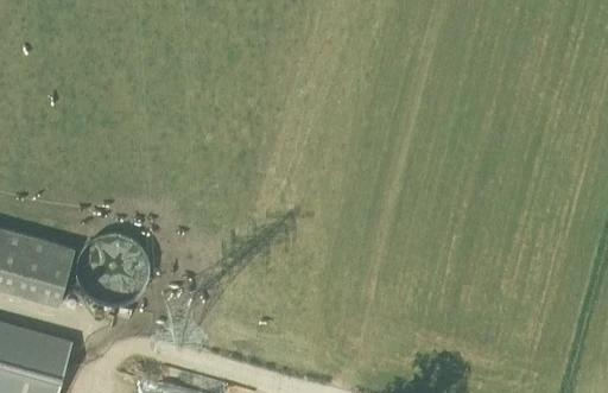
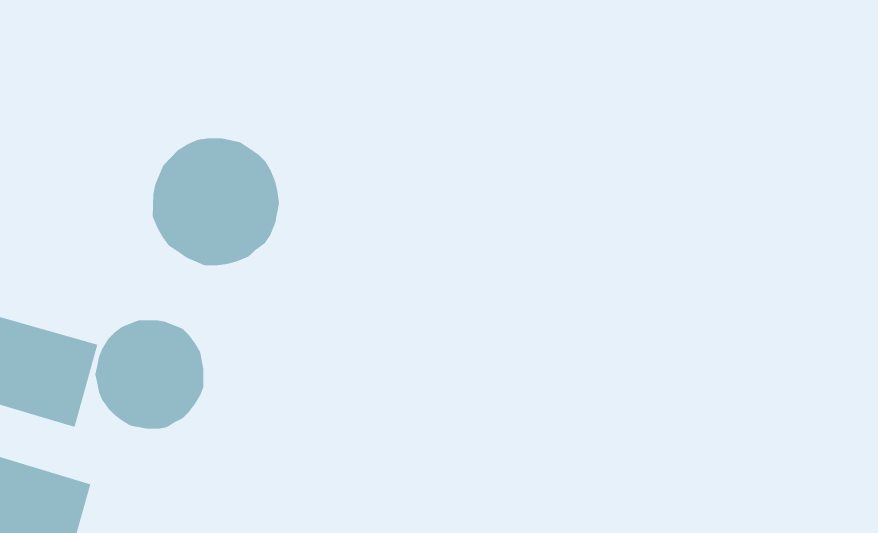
building: none -> [152,137,280,266]

